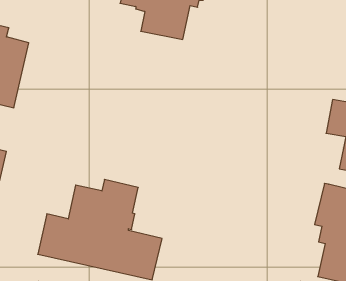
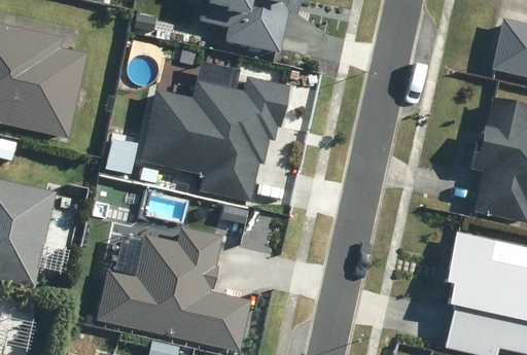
building: none -> [140,75,290,201]

